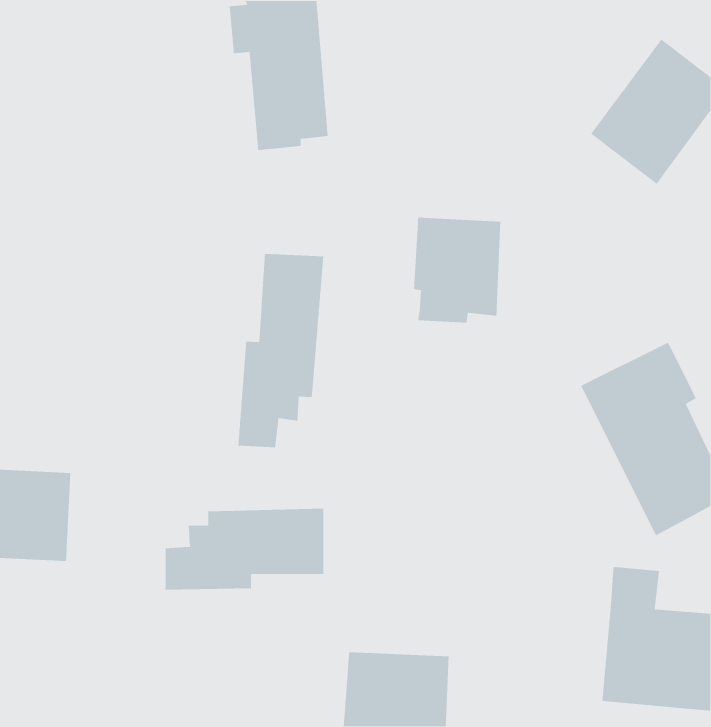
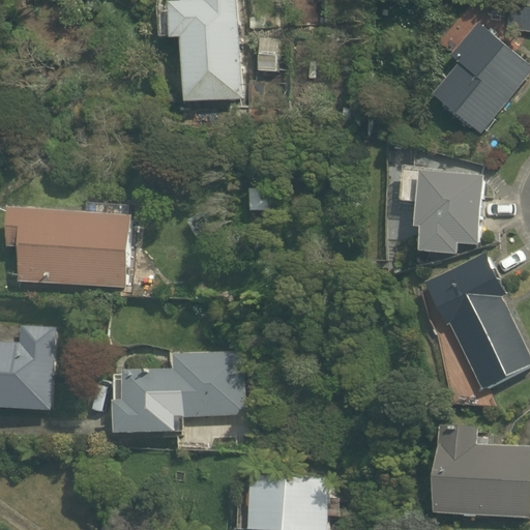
building: [413,217,501,324] -> [418,174,482,252]
building: [238,253,324,448] -> none
building: none -> [7,205,130,289]

